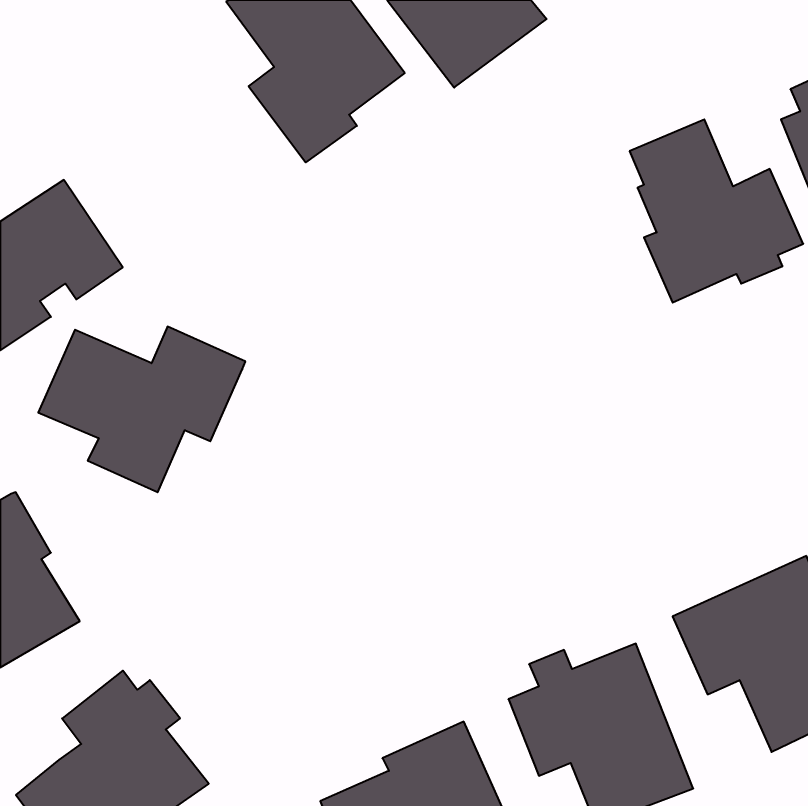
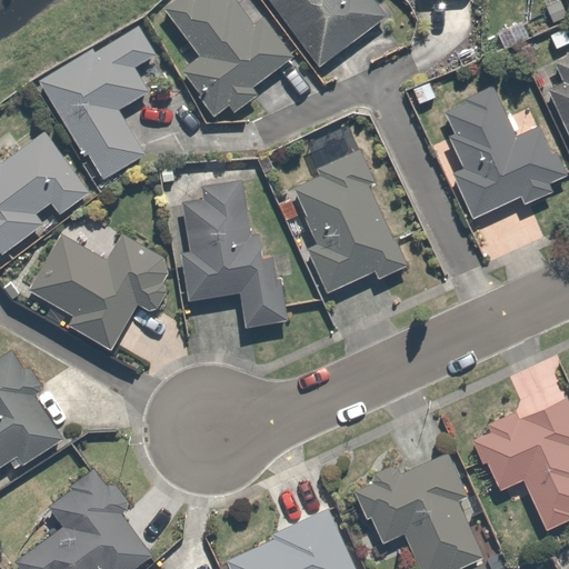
building: none -> [38,27,152,181]
building: none -> [296,152,408,291]
building: none -> [179,183,282,327]

